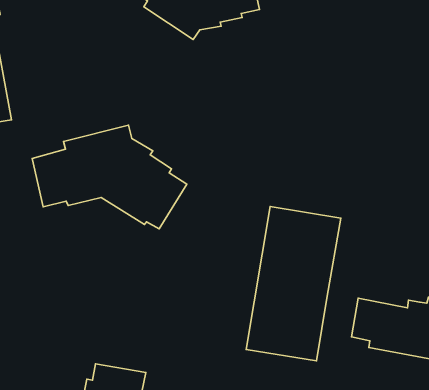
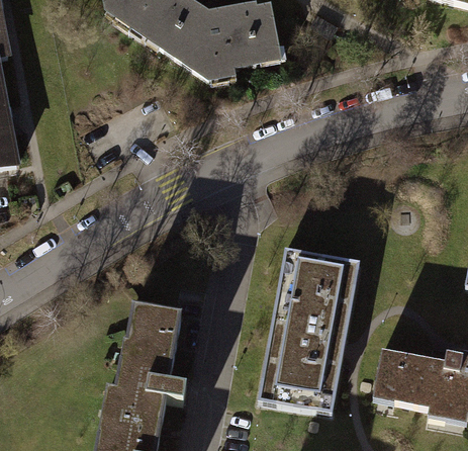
building: [32,125,187,229] -> none
building: none -> [105,305,186,429]

